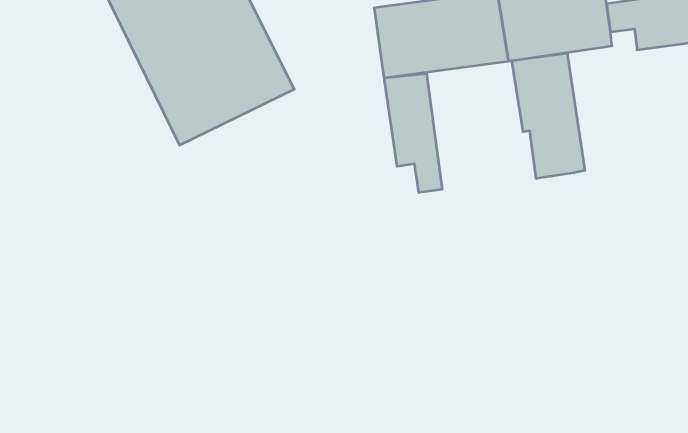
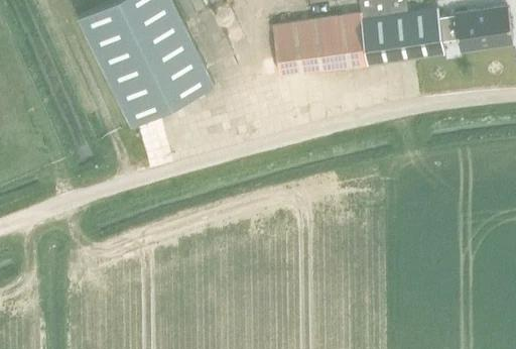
building: [512,53,585,179] -> none
building: [384,73,442,193] -> none

